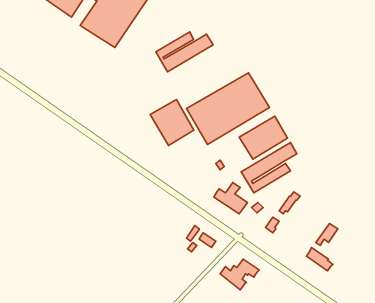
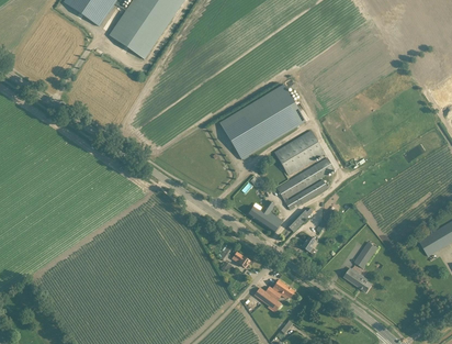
building: [156,32,213,72] -> none
building: [150,100,194,145] -> none

